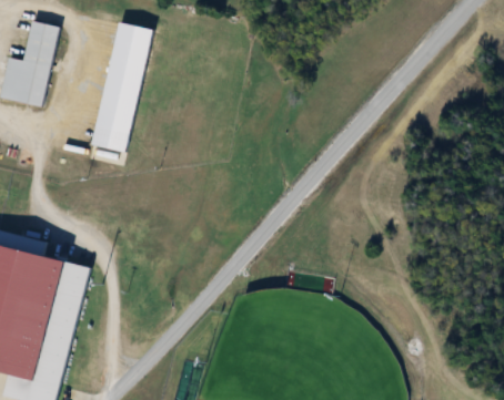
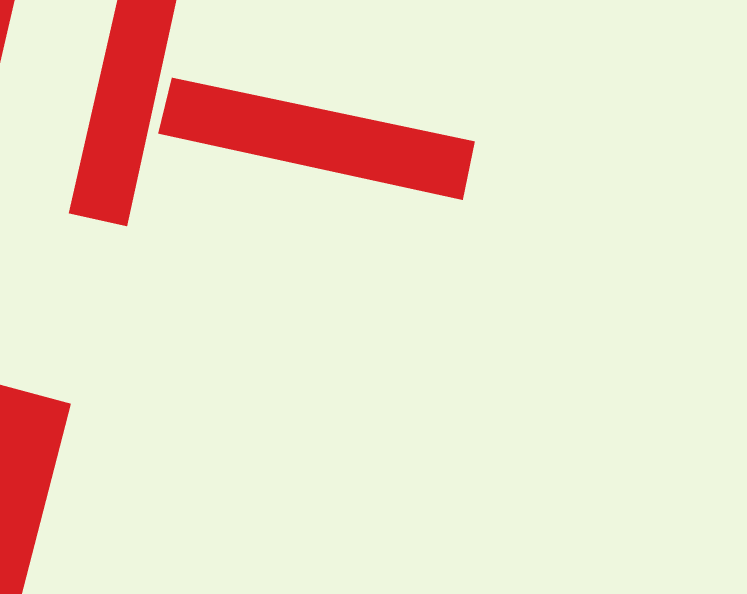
building: none -> [158,77,476,201]

